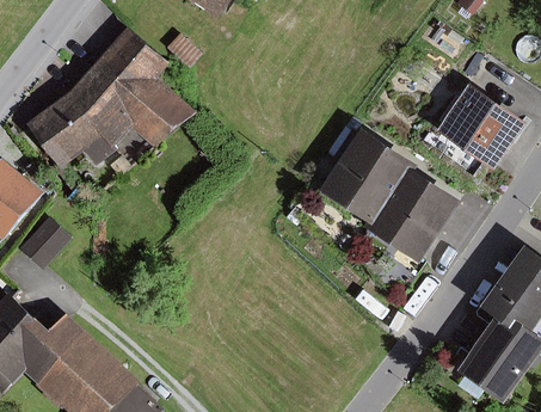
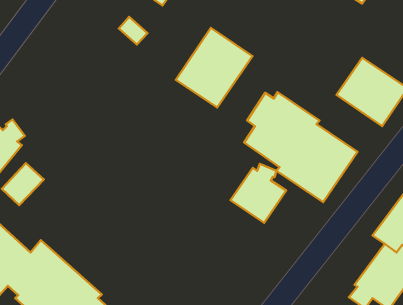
building: [25,26,198,166] -> none
building: none -> [176,28,253,107]
building: none -> [231,164,286,223]

